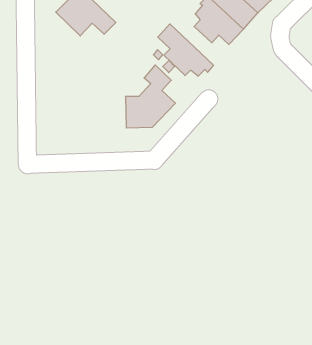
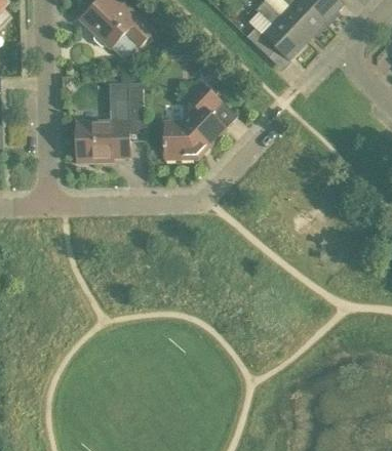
building: [158,24,213,76] -> none
building: none -> [77,82,144,163]

